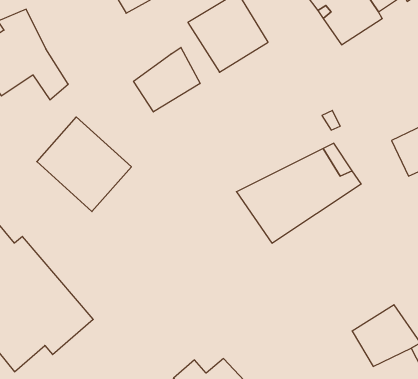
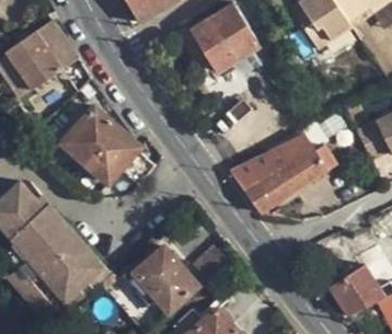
building: [134,47,200,112] -> none
building: none -> [124,249,200,314]

